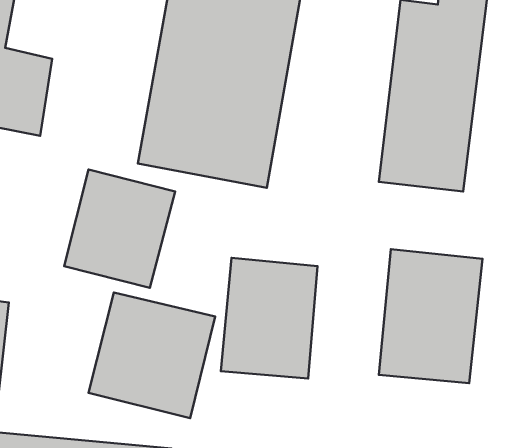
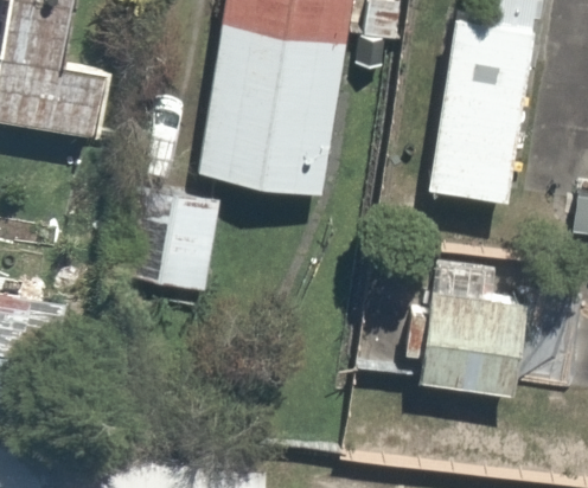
building: [221,258,318,379] -> none
building: [89,293,215,418] -> none

